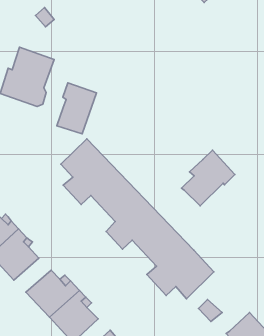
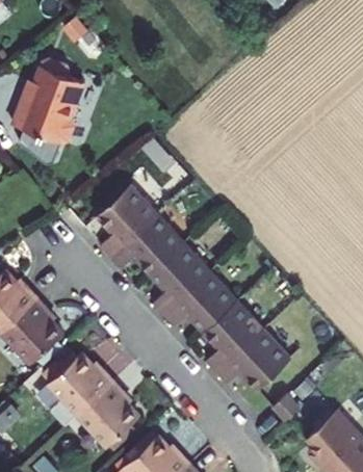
building: [57,83,97,134] -> none
building: [181,150,235,206] -> none

